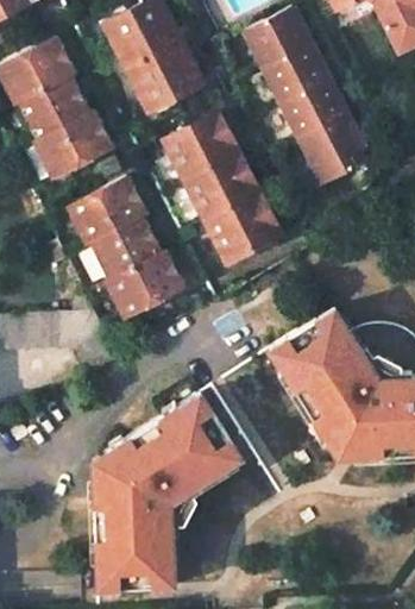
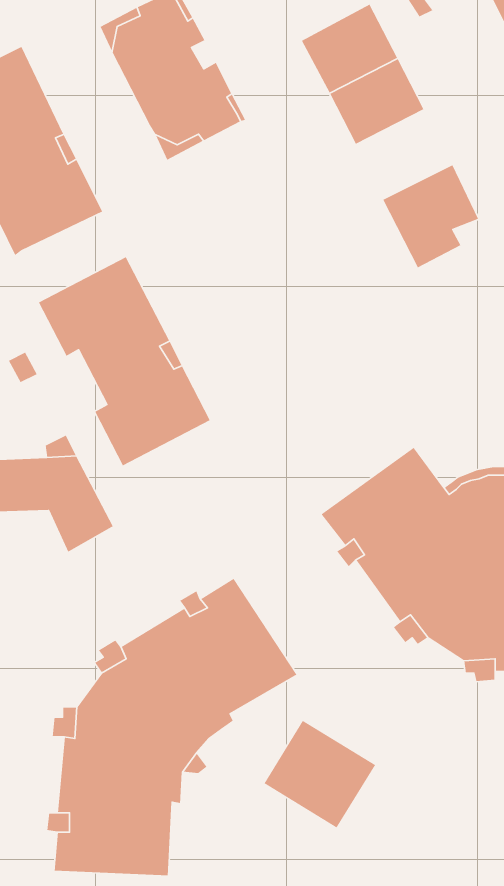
building: [281,80,346,138] -> none
building: [169,117,284,263] -> none
building: none -> [264,720,376,829]

